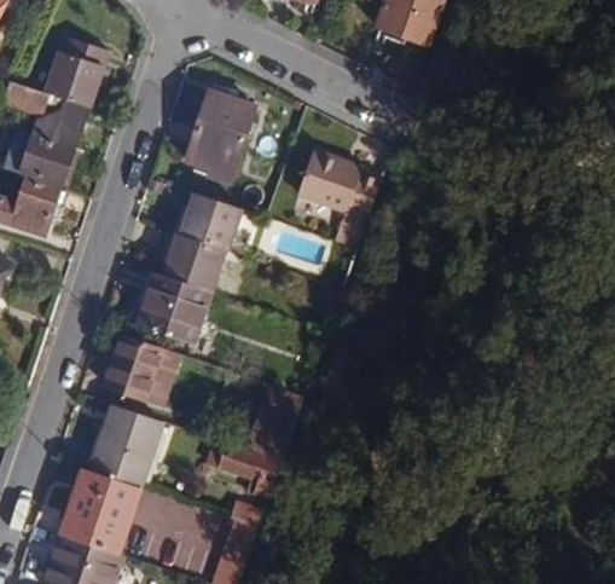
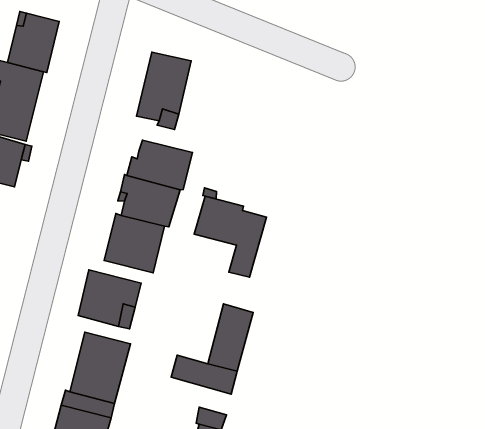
building: [298,152,382,248] -> [194,196,267,277]

